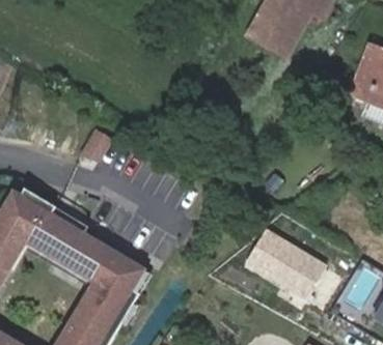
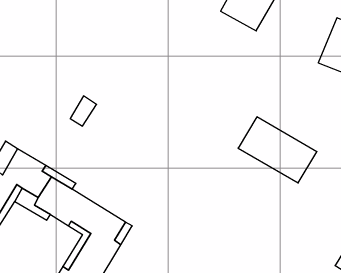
building: [240,227,327,299] -> [238,117,317,183]

